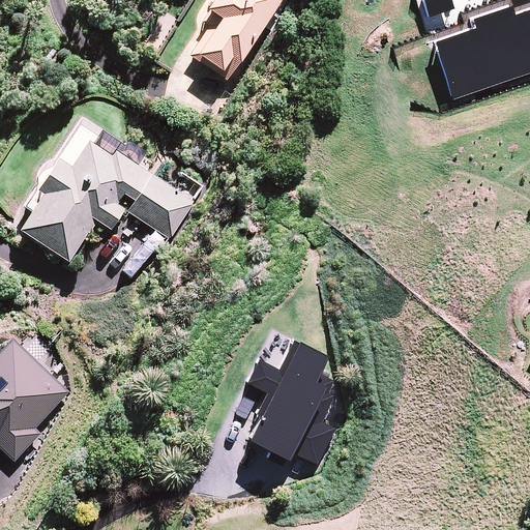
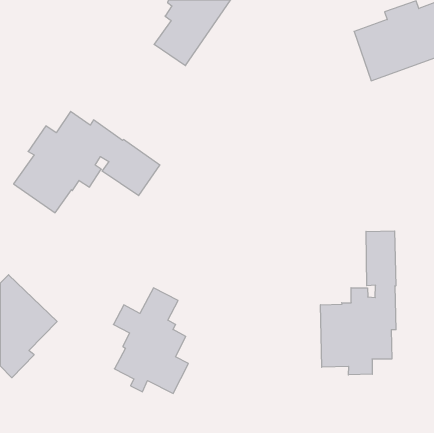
building: none -> [321,231,396,375]
building: [245,336,336,465] -> [113,288,188,393]

